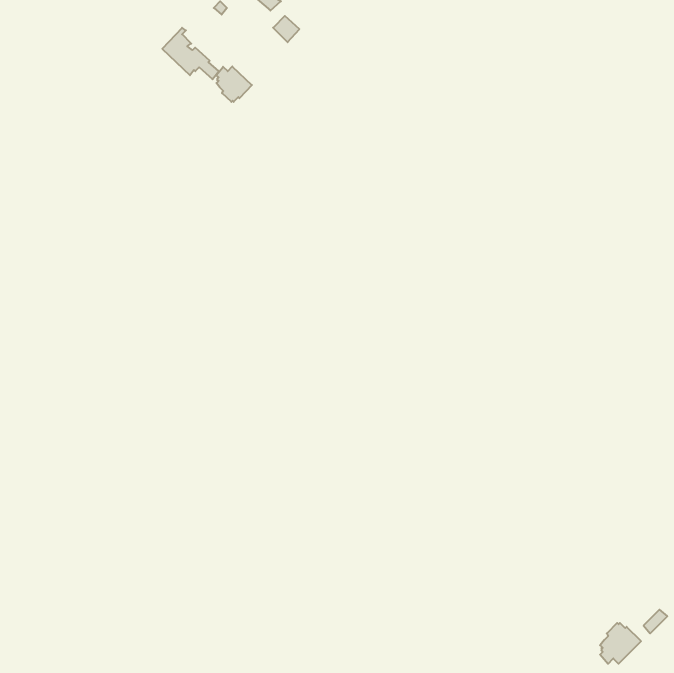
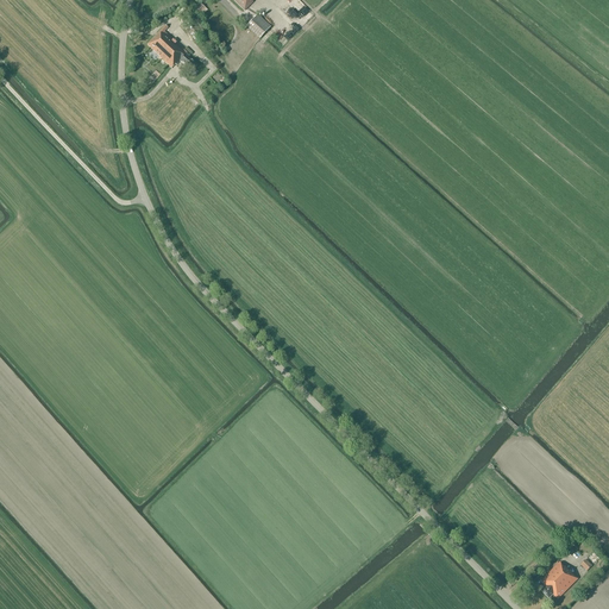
building: [216,66,252,102] -> none

